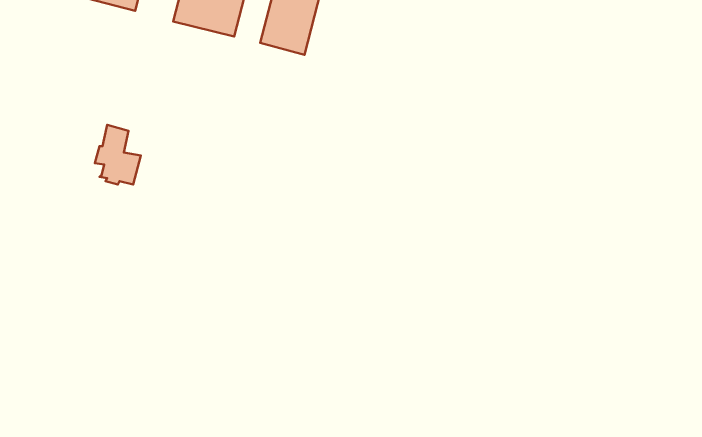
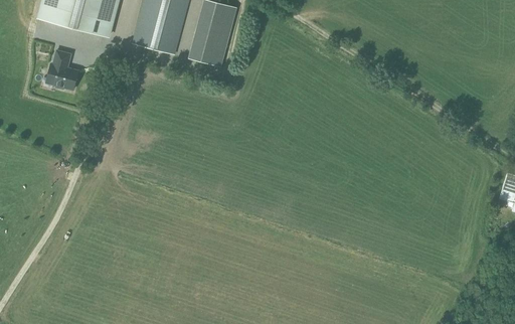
building: [95,125,141,184] -> [49,51,79,91]

